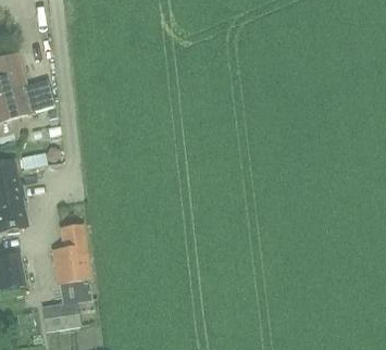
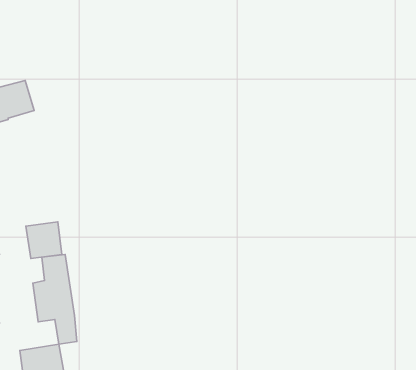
building: none -> [26,222,62,258]

